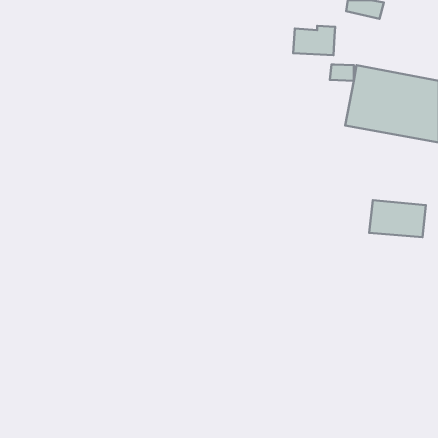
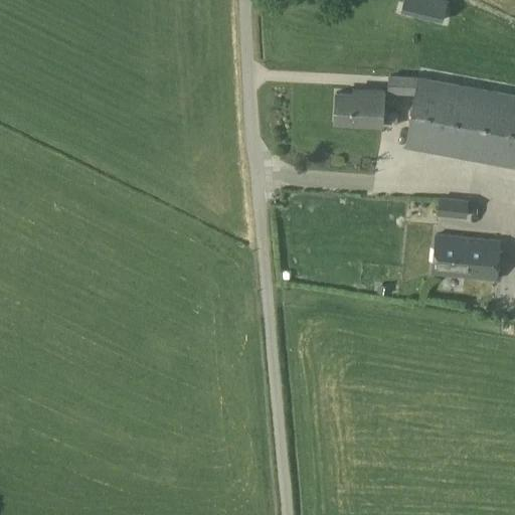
building: [293,26,335,55] -> [335,91,384,125]
building: none -> [438,199,469,219]

